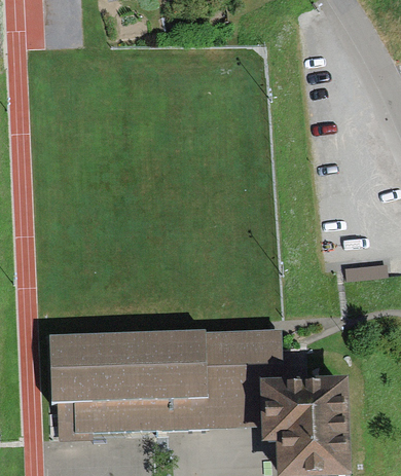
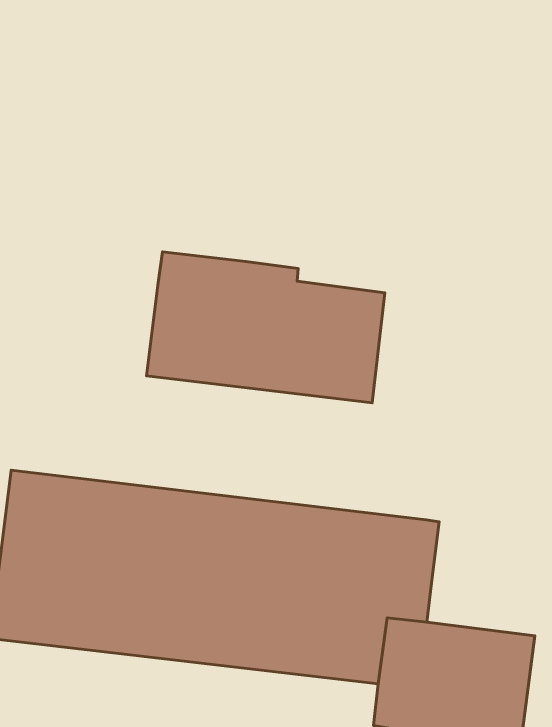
building: none -> [146,252,385,403]

